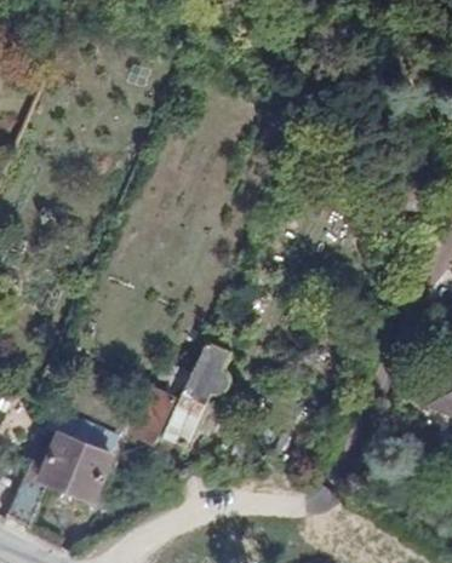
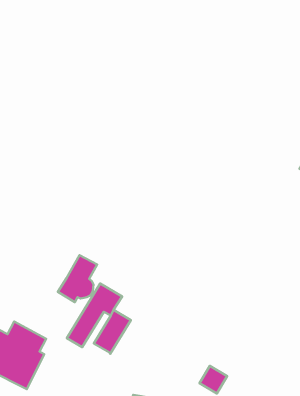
building: [184,349,227,404] -> [58,255,97,302]

